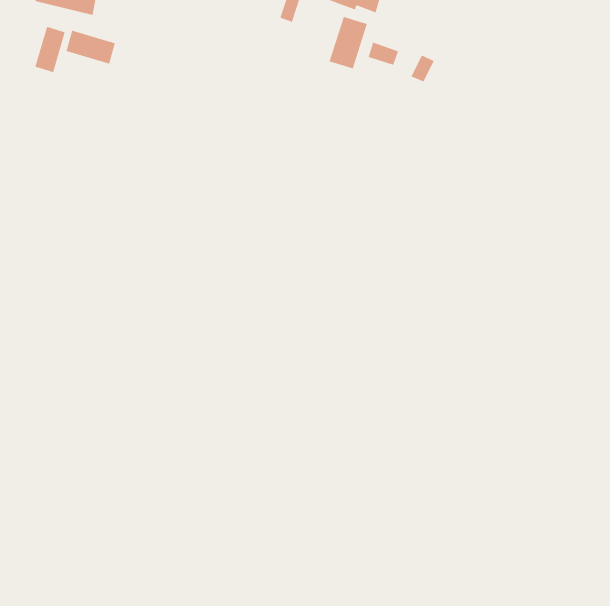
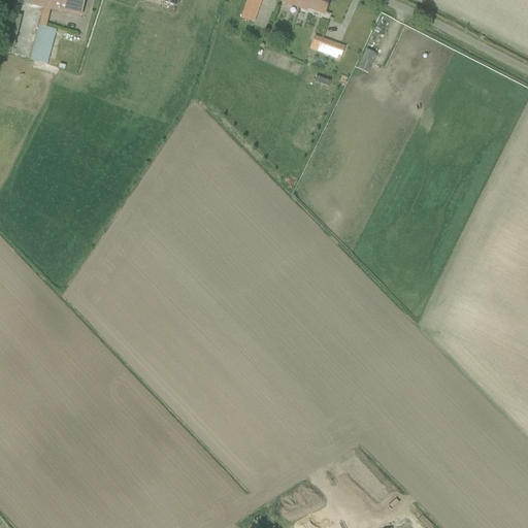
building: [329,16,368,69] -> none
building: [66,30,116,64] -> none

